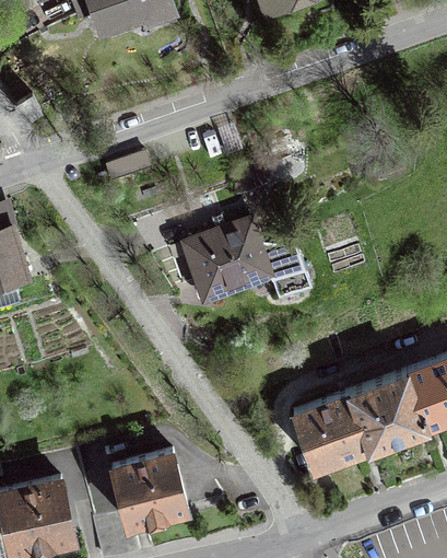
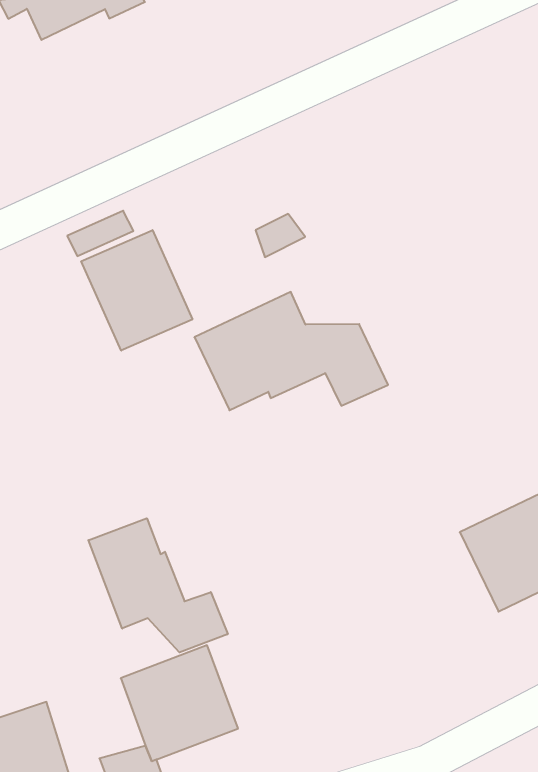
building: none -> [81,230,192,351]
building: none -> [88,518,228,652]
building: [292,391,369,467] -> none

